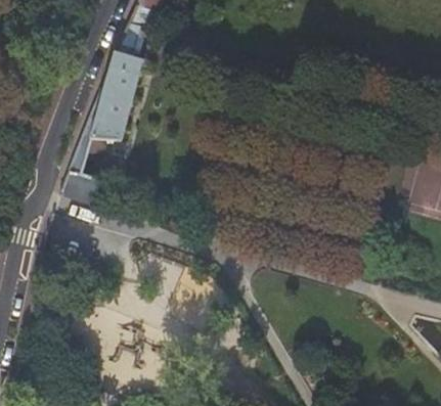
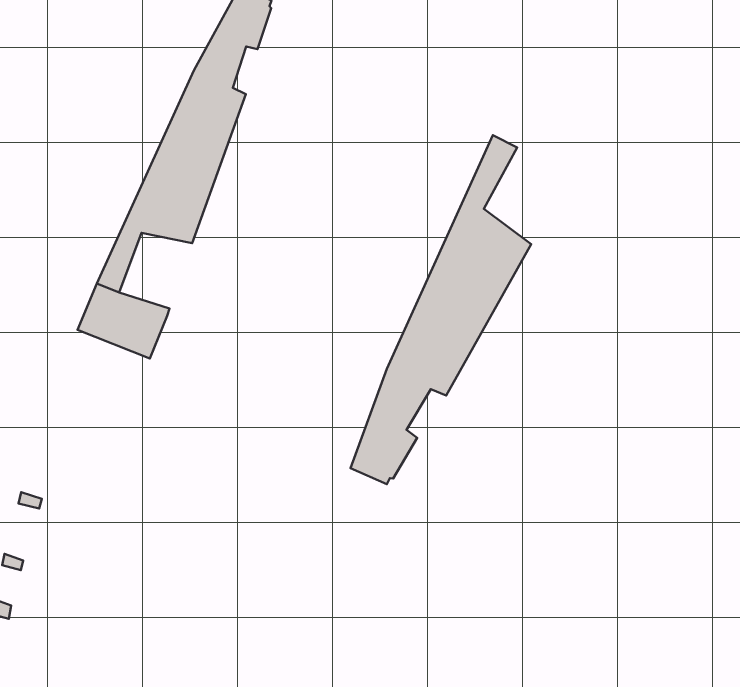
building: none -> [350,135,531,484]

